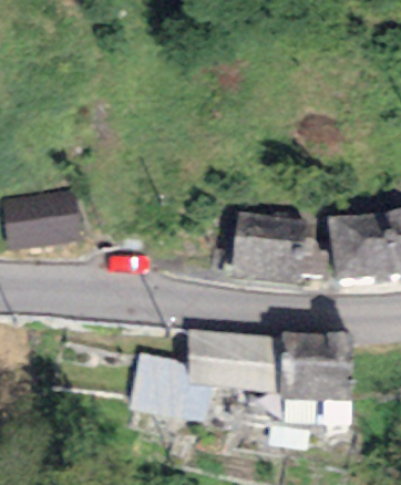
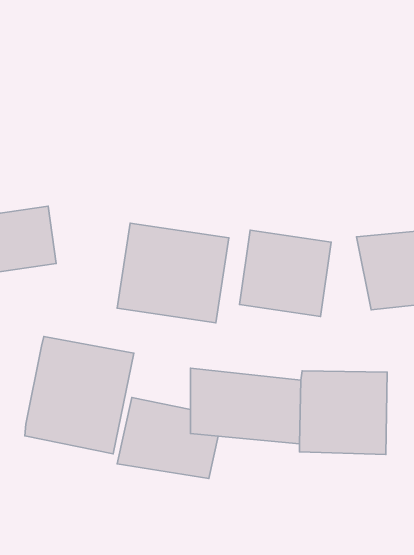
building: none -> [117,223,229,323]
building: none -> [25,336,134,454]

